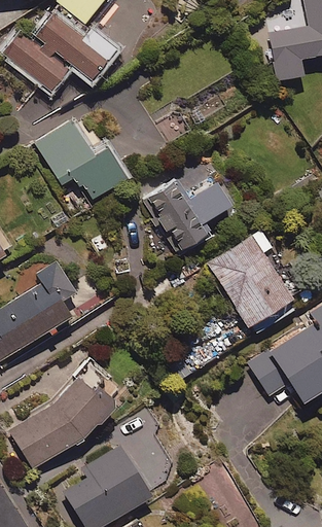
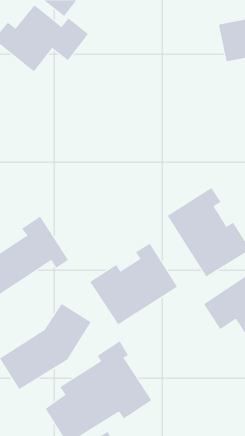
building: [37,124,128,201] -> none
building: [142,176,231,256] -> none
building: none -> [90,243,178,325]

